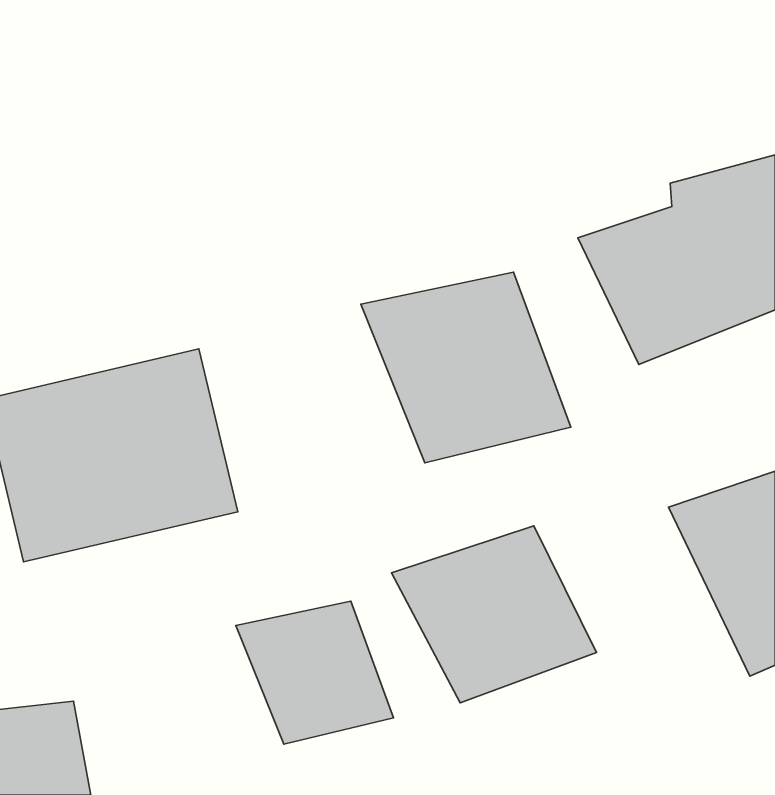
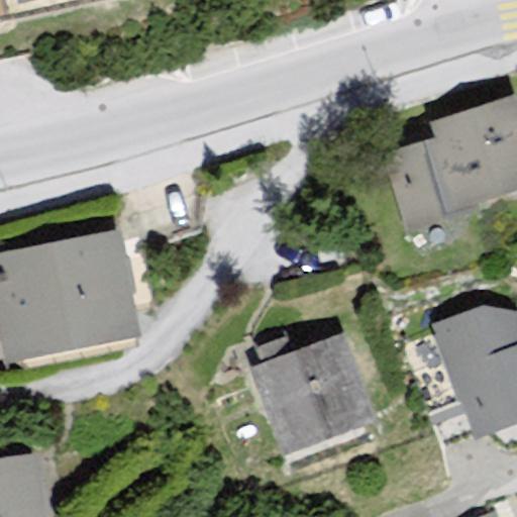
building: [361,272,571,463] -> none
building: [236,601,394,744] -> none

